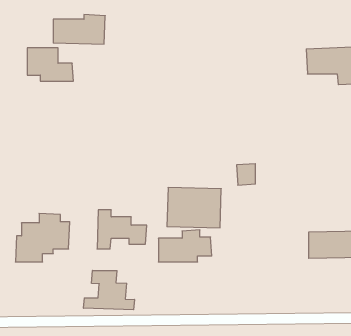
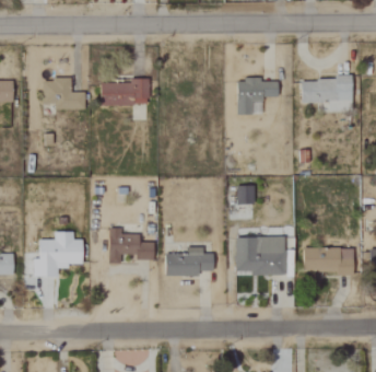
building: [53,15,105,44] -> [102,78,150,105]
building: none -> [237,79,279,114]
building: [167,188,221,228] -> [236,236,286,274]
building: [84,270,134,310] -> none

